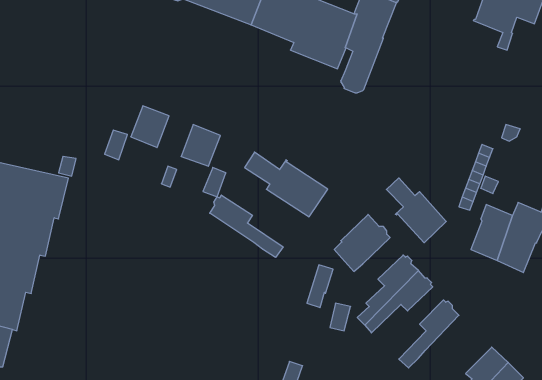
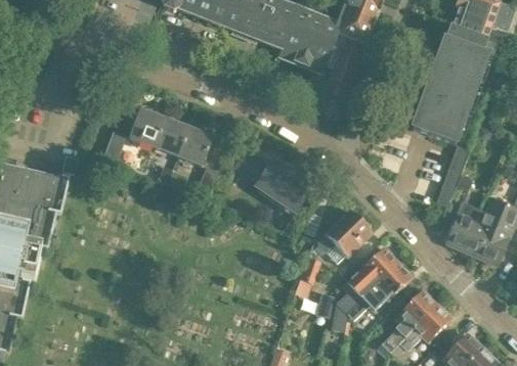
building: none -> [413,29,486,144]
building: none -> [154,118,187,155]
building: [386,178,446,243] -> none
building: [210,195,283,257] -> none
building: none -> [398,304,451,352]

